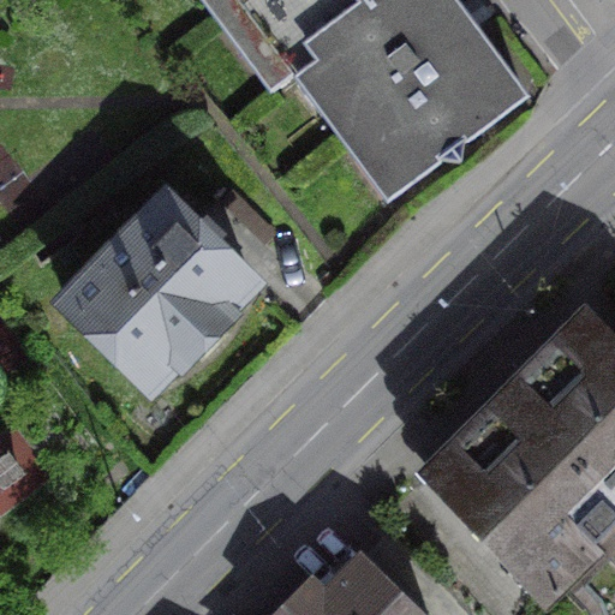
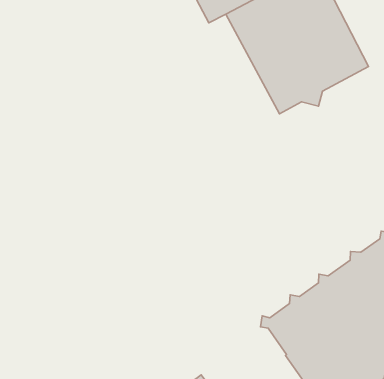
building: [65,199,251,384] -> none

